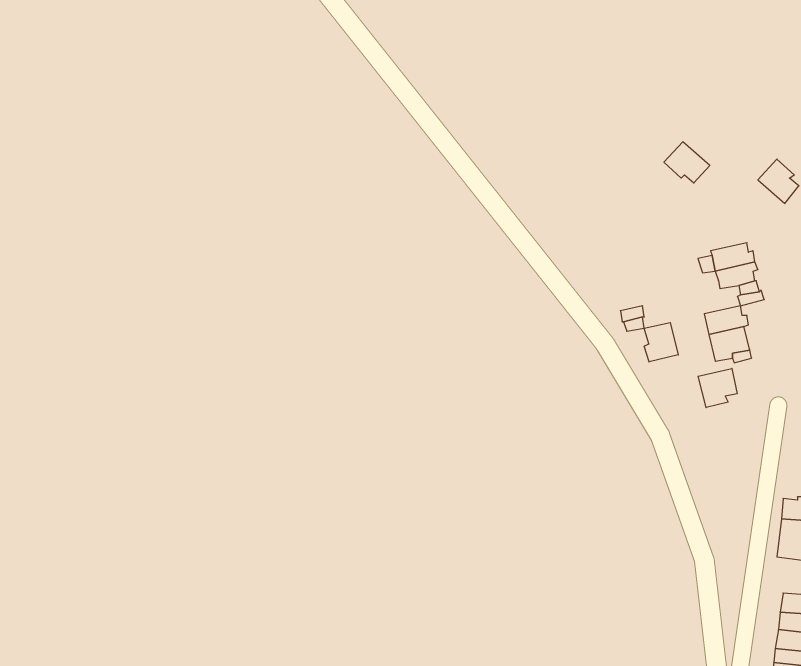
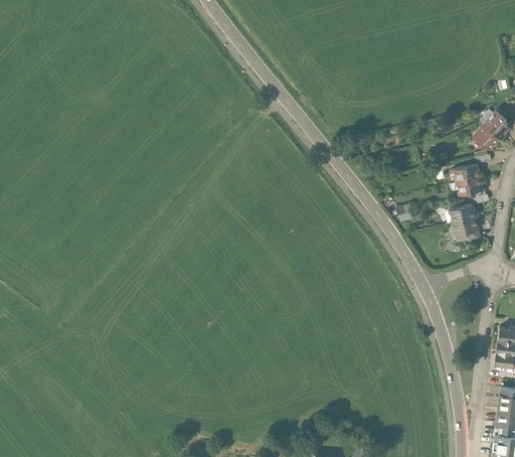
building: [664,142,710,183] -> [473,124,502,150]
building: [644,323,678,362] -> none
building: [698,368,737,408] -> none

